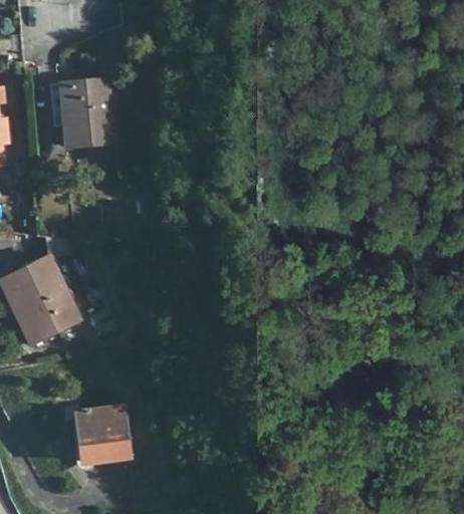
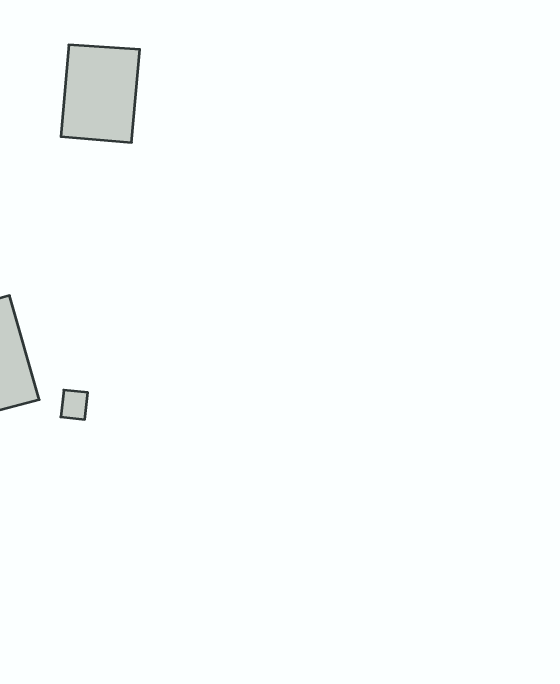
building: [78,407,129,462] -> none

